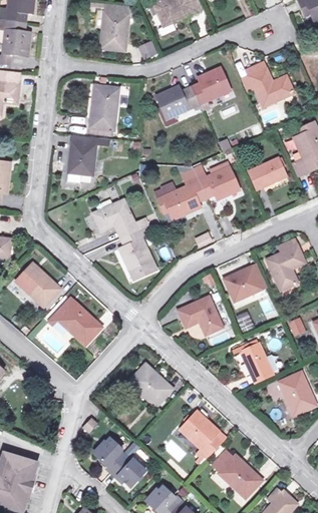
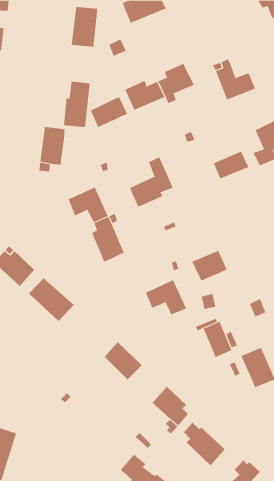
building: none -> [90,96,128,128]
building: [199,168,239,200] -> none
building: [270,236,309,287] -> none
building: [98,435,147,484] -> none

